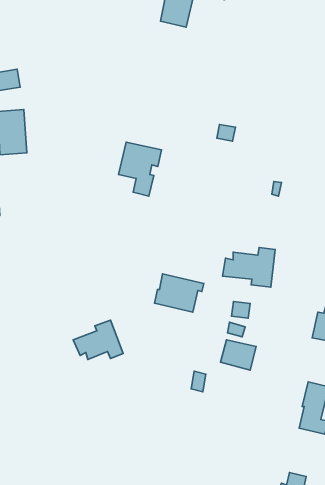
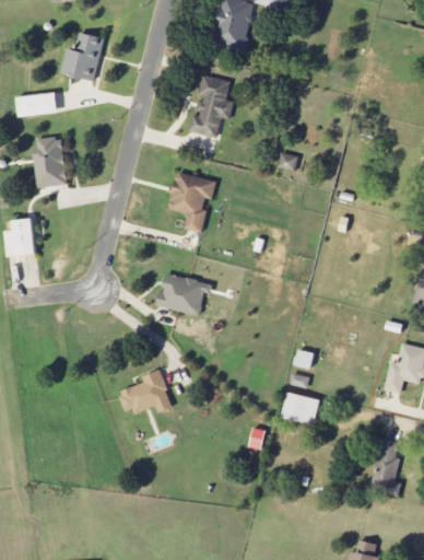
building: none -> [60,31,105,80]
building: none -> [189,74,233,137]
building: [222,247,275,287] -> none
building: [155,274,204,312] -> [157,272,212,315]

